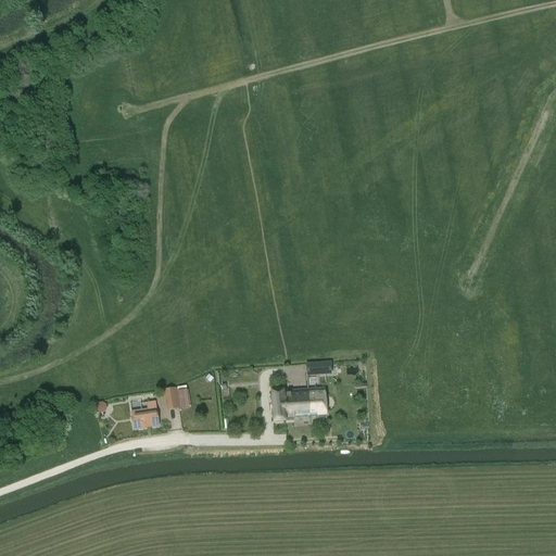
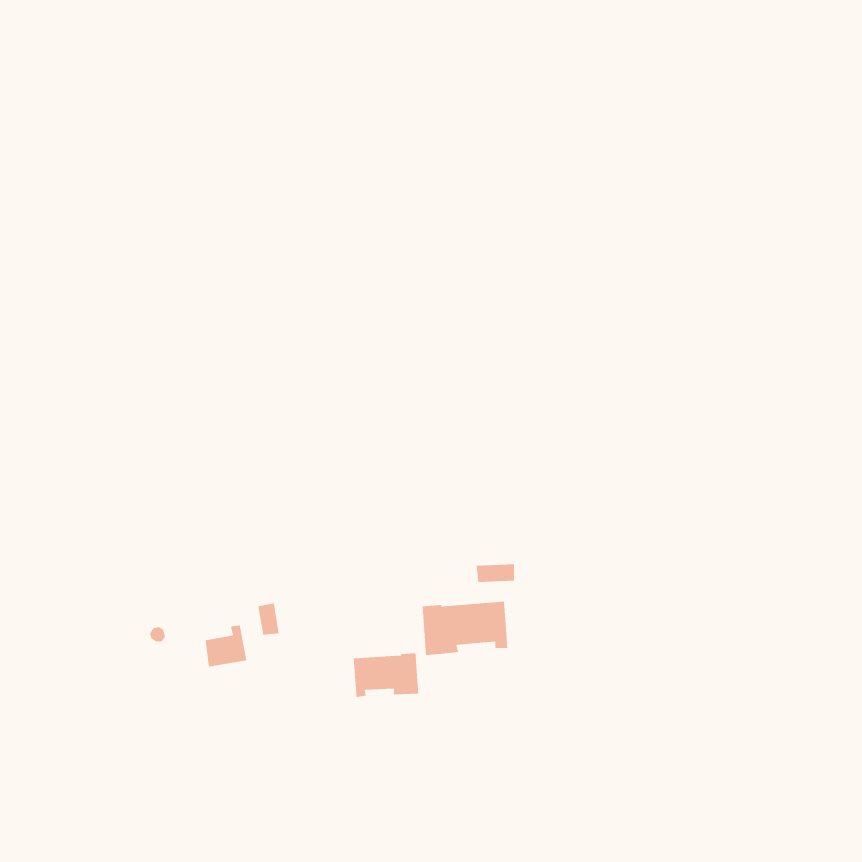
building: none -> [353,653,419,698]

